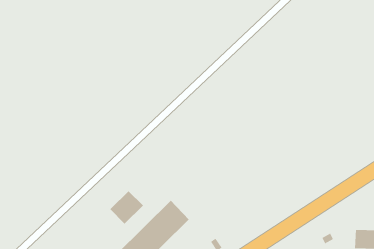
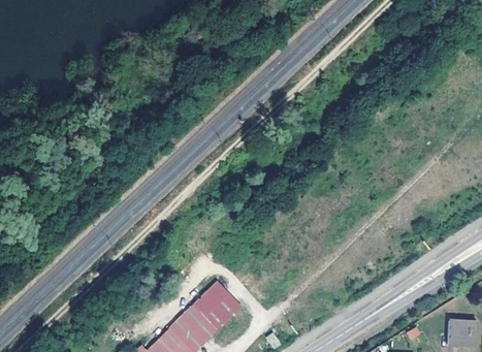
building: [109,190,144,224] -> none

